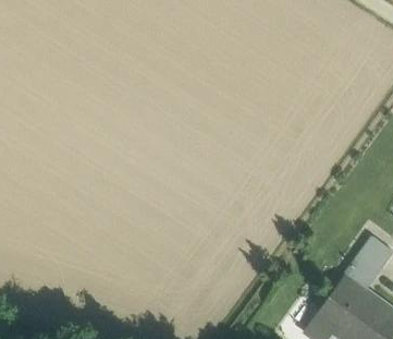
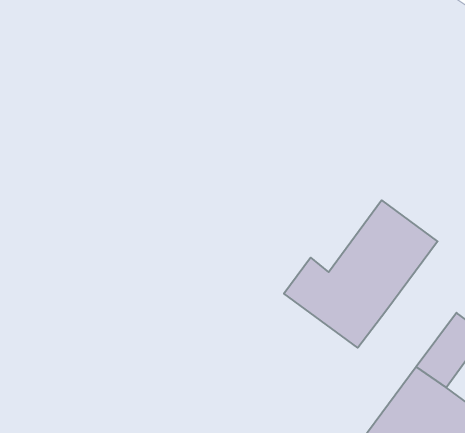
building: none -> [284,200,438,348]

